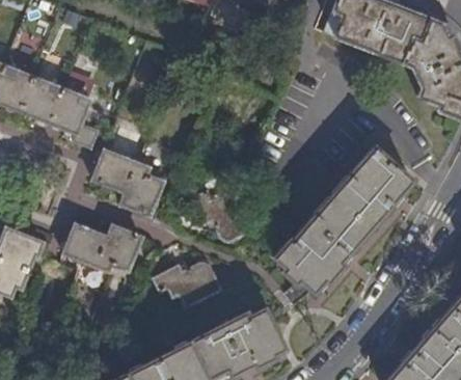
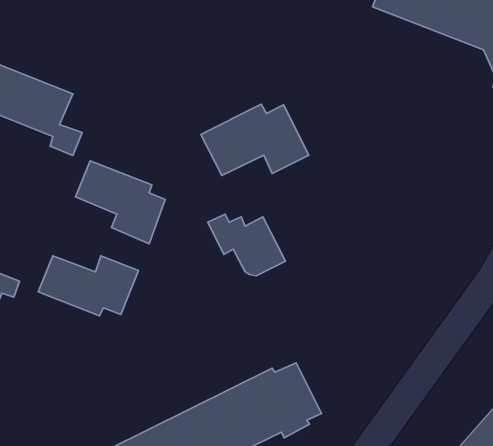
building: none -> [201,104,309,175]
building: [276,147,411,304] -> none
building: [155,265,221,308] -> none

